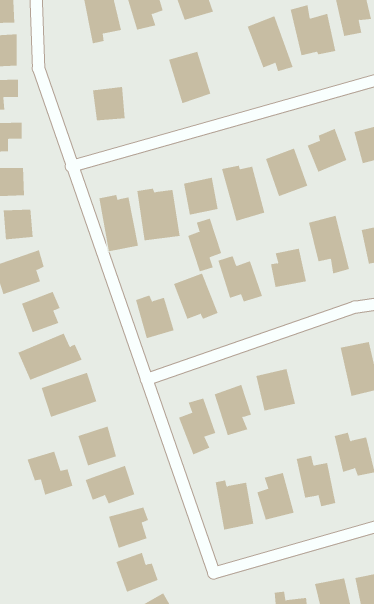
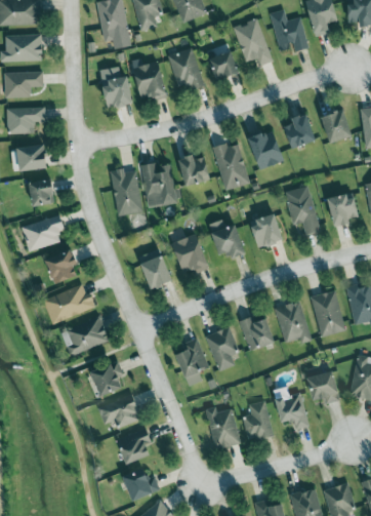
building: none -> [208,50,238,79]
building: none -> [133,62,166,100]
building: [187,218,222,272] -> none
building: none -> [274,301,312,344]
building: [27,451,73,495] -> none

